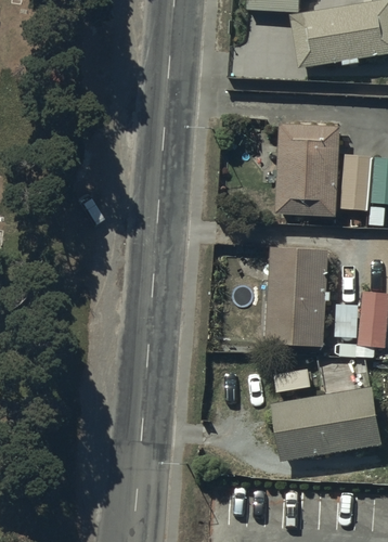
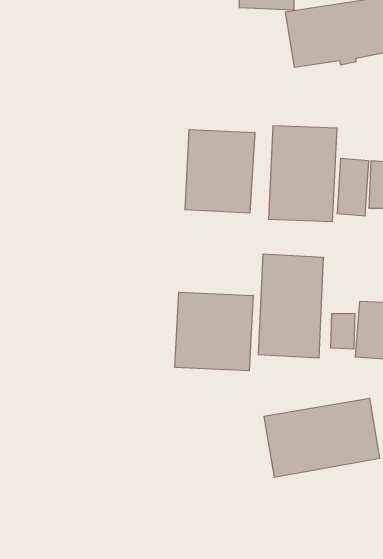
building: none -> [185,129,255,213]
building: none -> [175,292,253,371]

